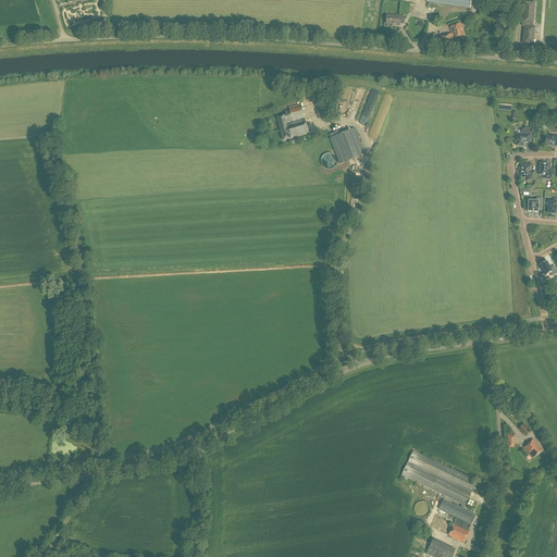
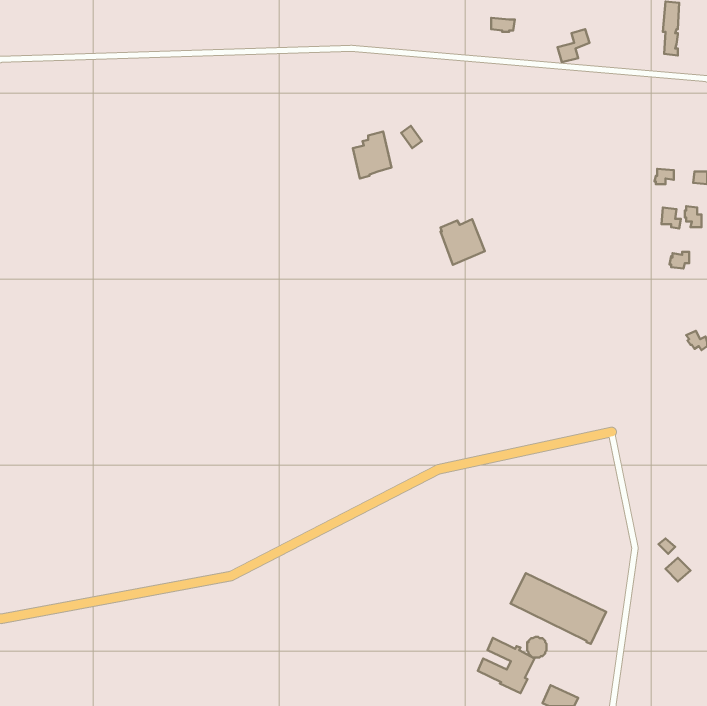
building: [330,127,364,163] -> [440,219,485,265]
building: [431,498,475,542] -> [478,638,534,693]

